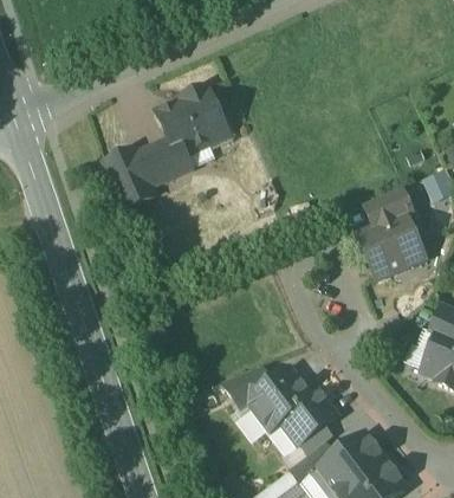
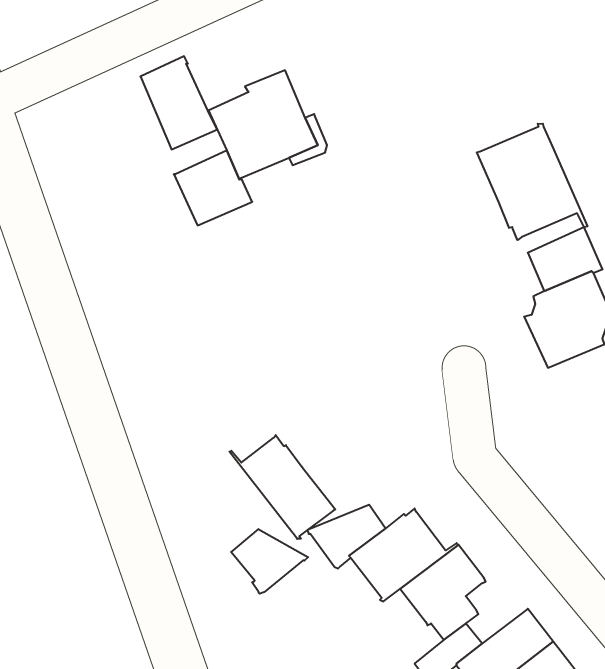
building: none -> [477,124,587,240]
building: [104,148,154,208] -> [140,56,217,149]
building: none -> [229,435,335,539]
building: none -> [231,529,308,594]

